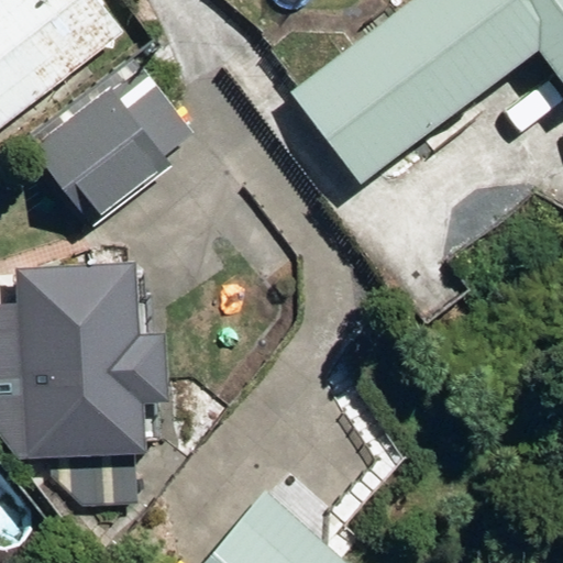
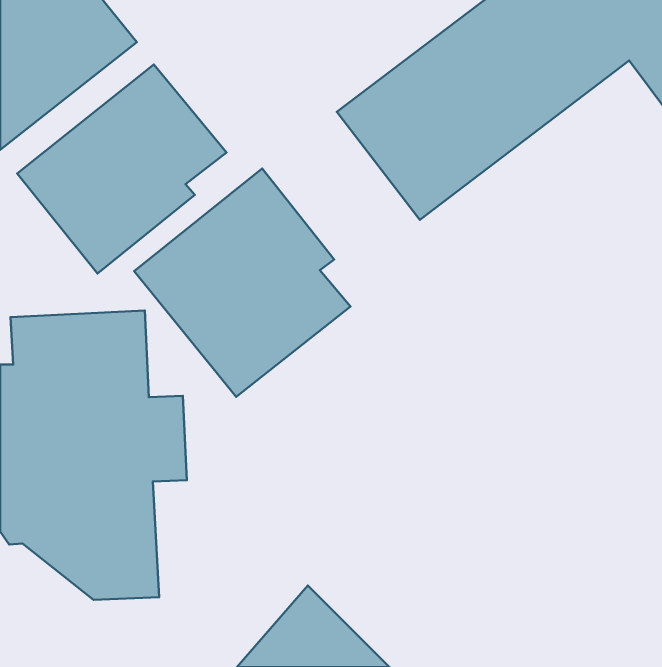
building: none -> [134,168,351,397]

